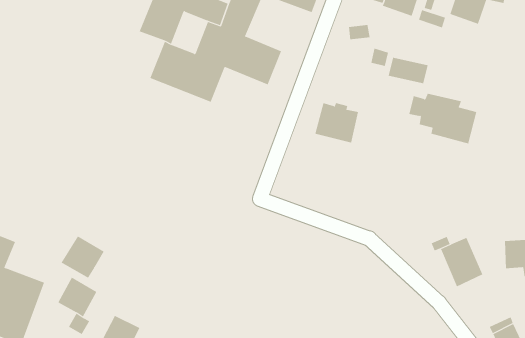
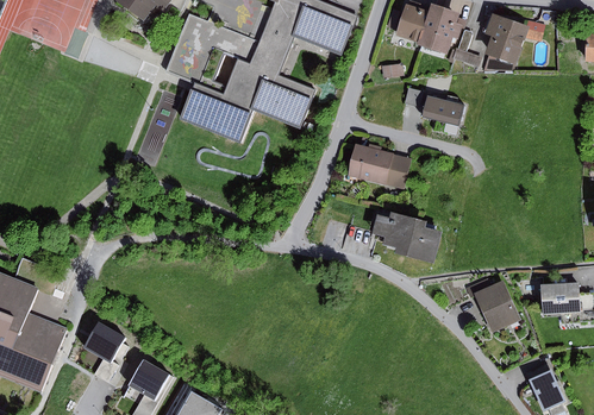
building: [408,93,477,144] -> [371,212,442,264]
building: none -> [384,152,411,189]
building: [61,235,104,279] -> none

